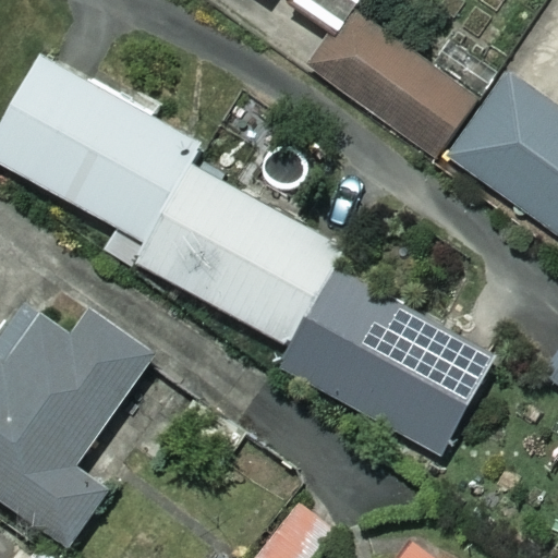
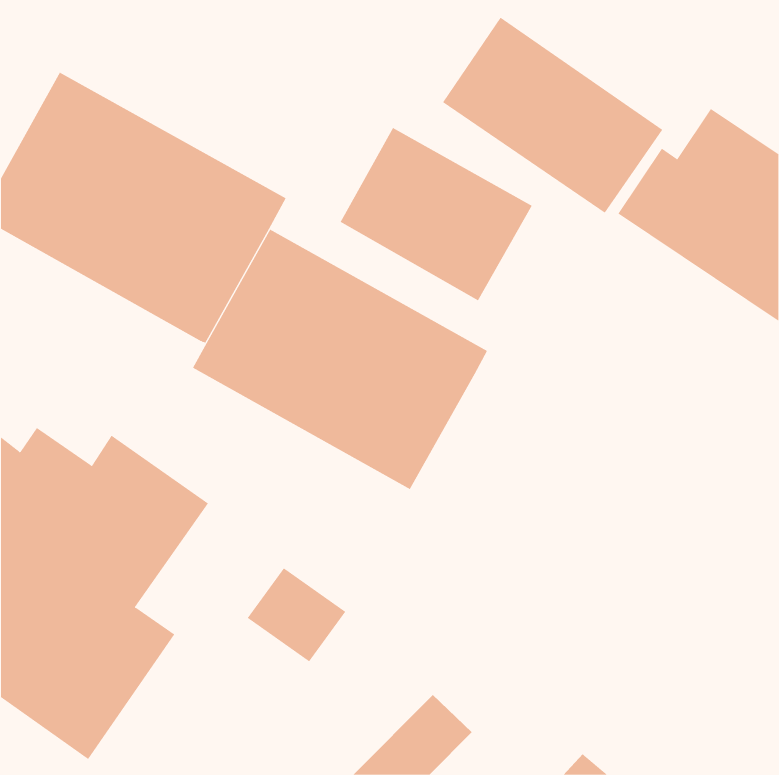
building: none -> [340,127,532,301]
building: [282,267,496,457] -> none

